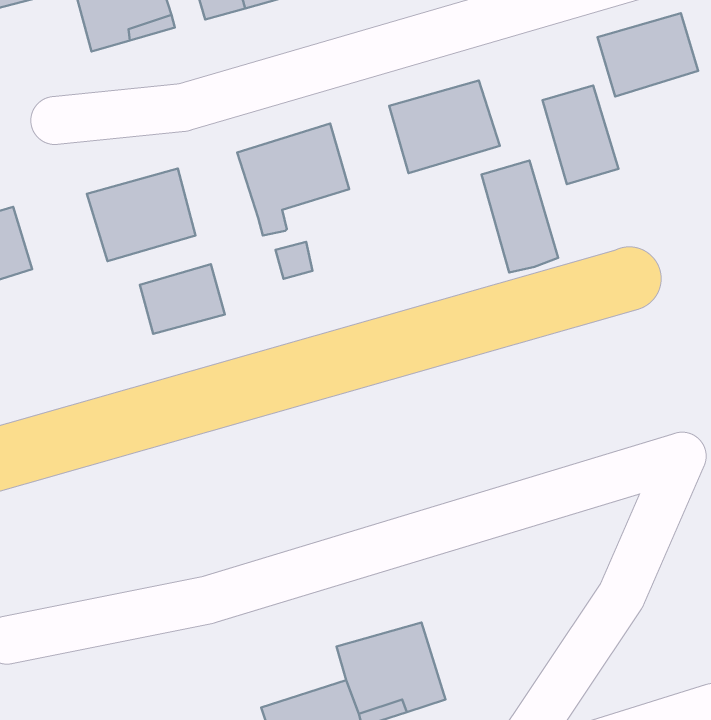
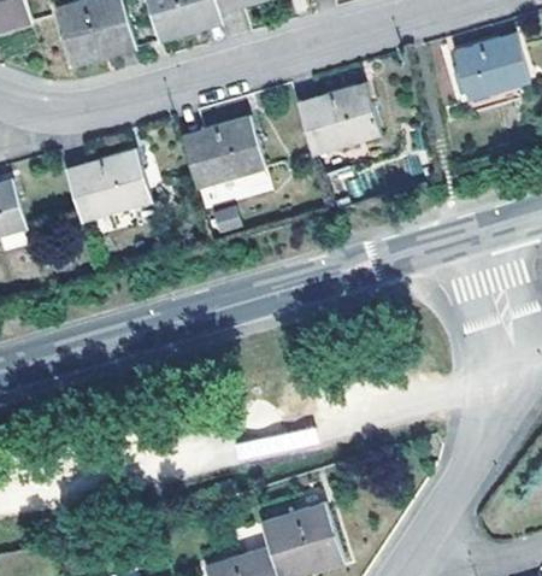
building: [542,86,619,184] -> none
building: [481,161,558,273] -> none
building: [140,264,225,334] -> none

